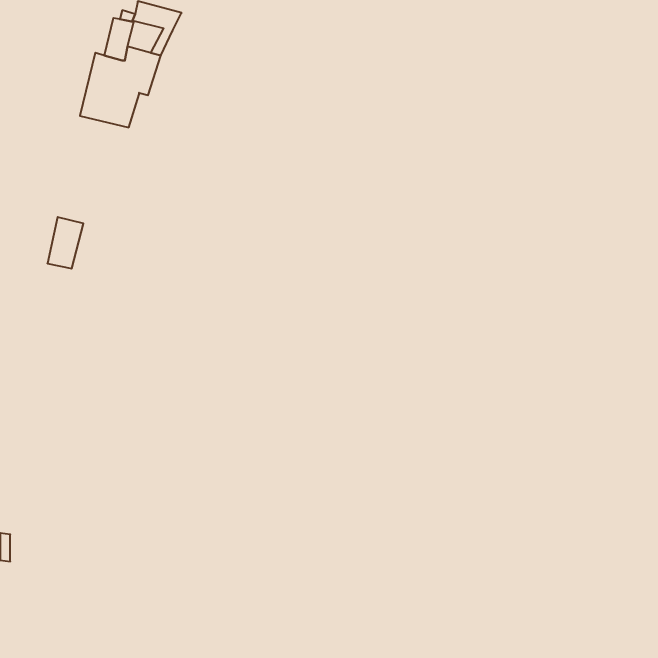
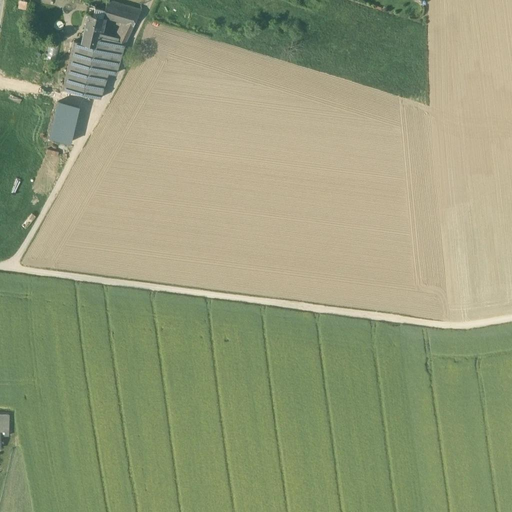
building: [47,217,83,269] -> [50,102,78,142]

